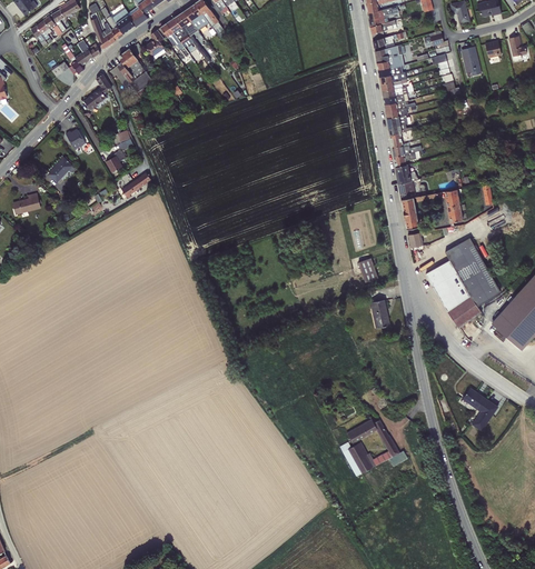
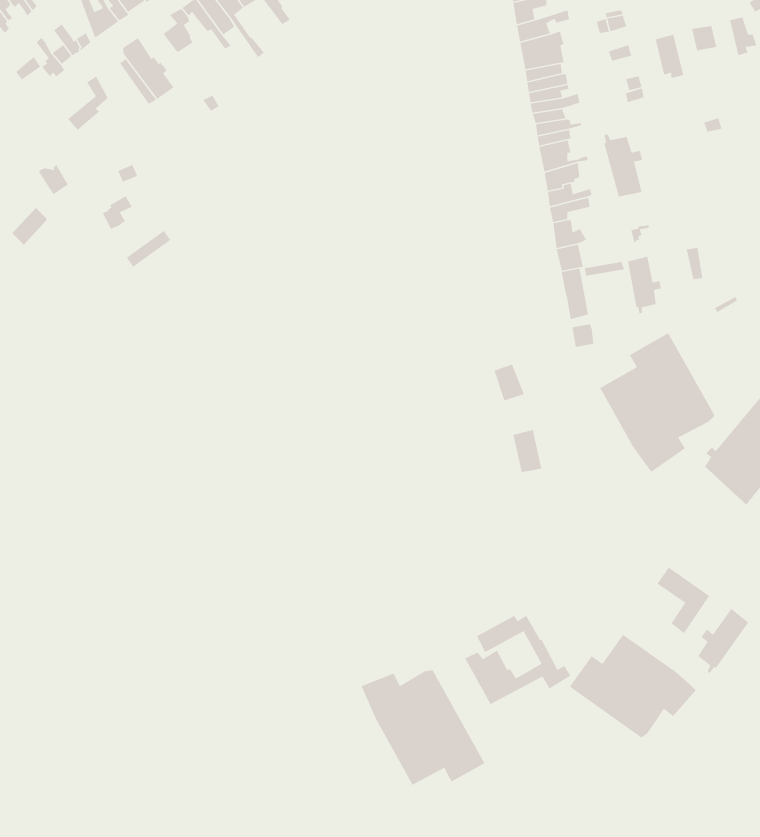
building: none -> [604,134,643,198]
building: none -> [698,608,749,675]
building: none -> [569,634,697,739]
building: none -> [360,669,486,786]

